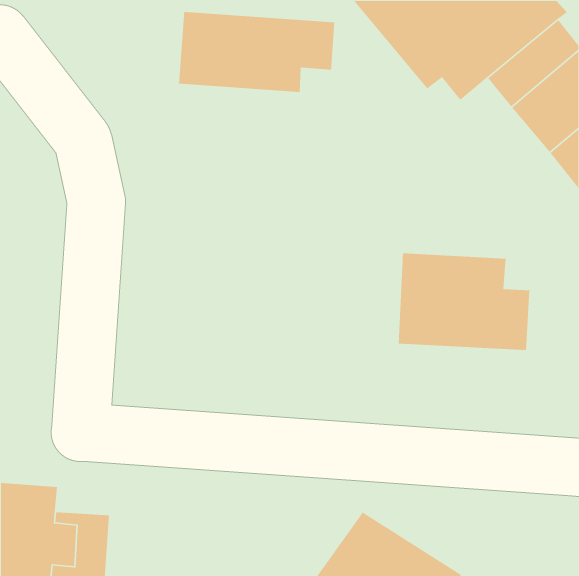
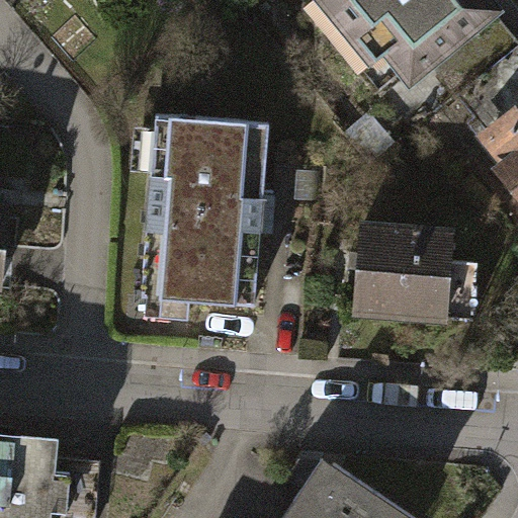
building: [178,11,335,93] -> none
building: none -> [140,116,266,305]

